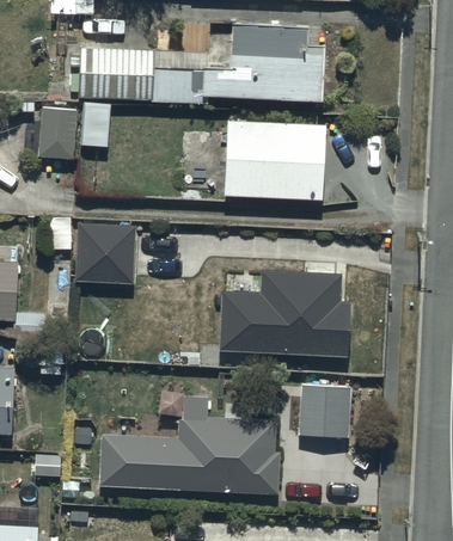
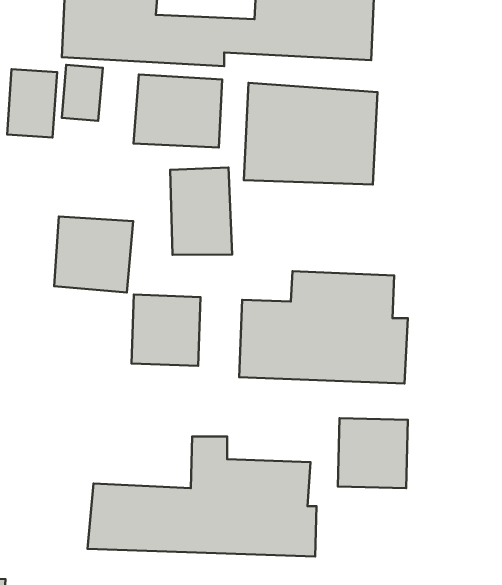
building: none -> [134,74,222,148]
building: none -> [170,168,232,255]
building: none -> [131,295,201,366]

